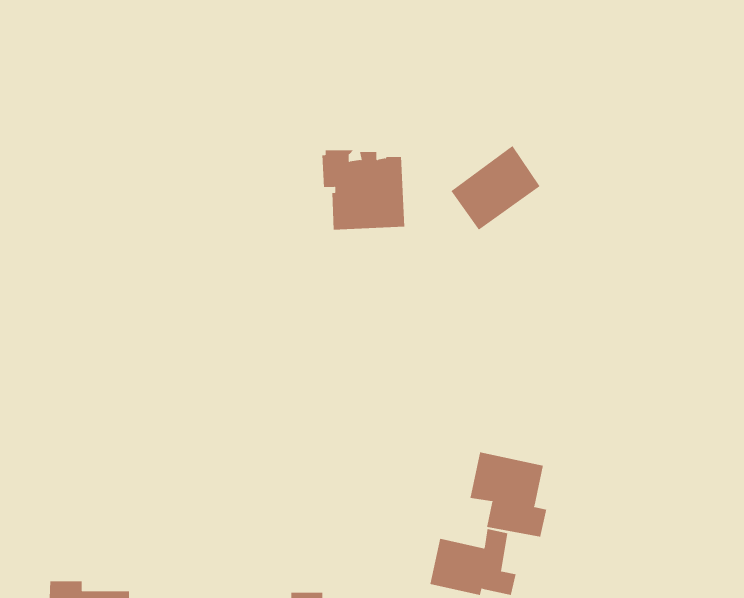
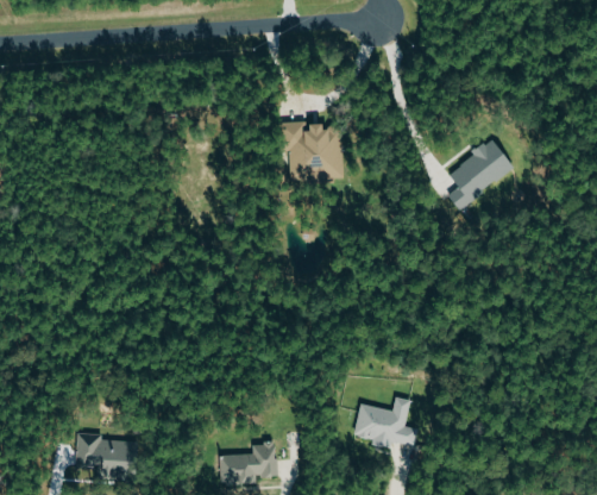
building: [450,145,541,230] -> [448,138,514,200]
building: [470,451,547,538] -> none

